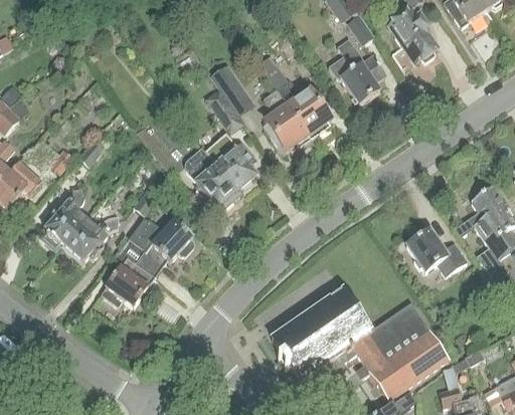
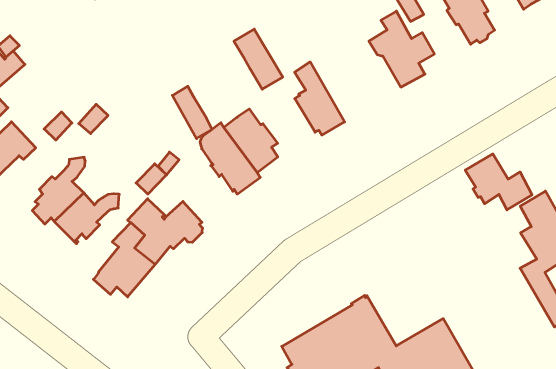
building: [260,54,333,138] -> none
building: [206,88,243,134] -> [172,86,212,139]
building: [406,227,467,275] -> [465,154,532,210]

